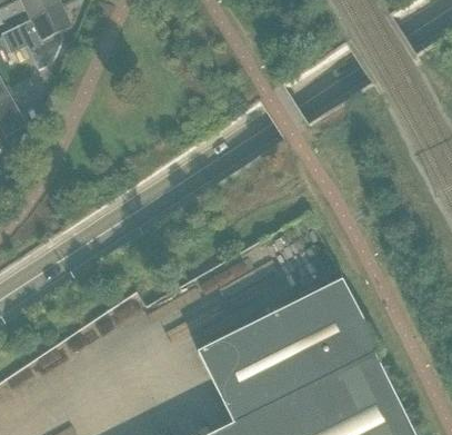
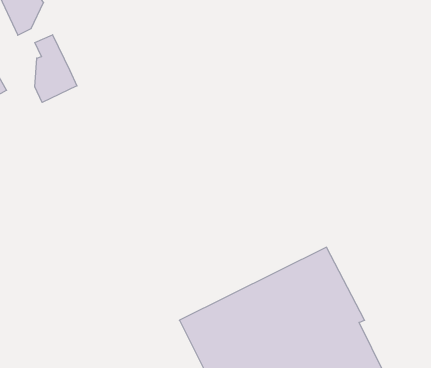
building: none -> [35,35,77,102]

